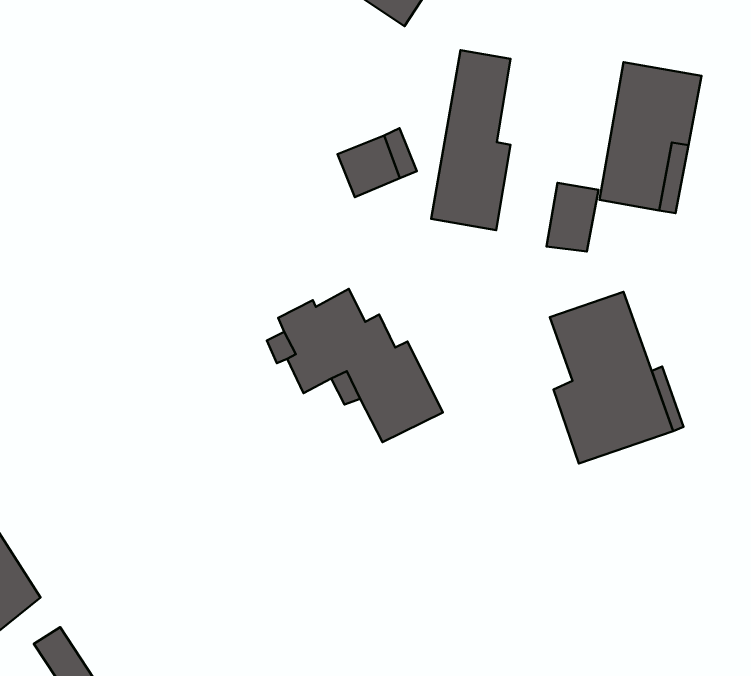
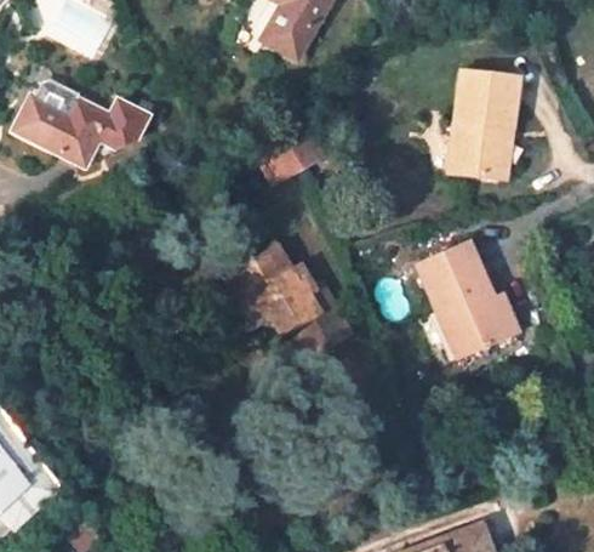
building: [431,50,511,230] -> none
building: none -> [16,97,148,166]
building: [546,183,598,251] -> none

